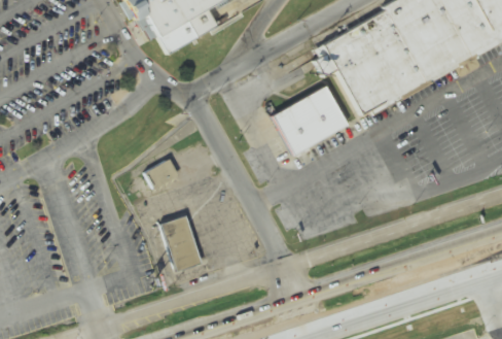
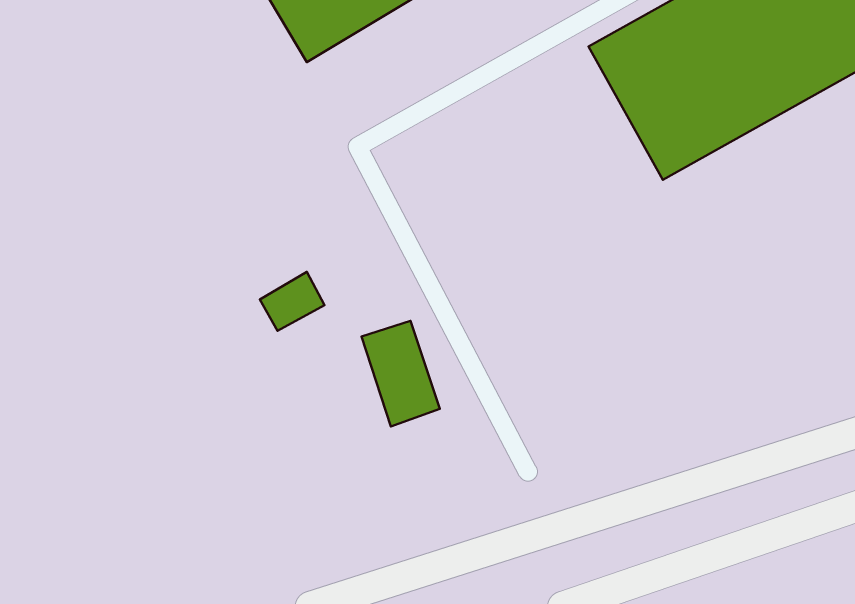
building: [264,88,337,155] -> none
building: [164,218,205,274] -> [361,321,440,427]

